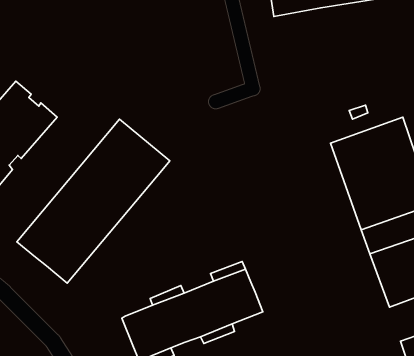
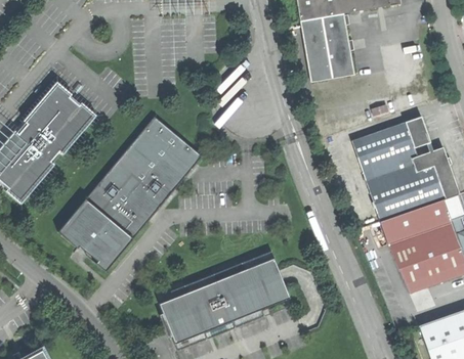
building: none -> [299,12,353,80]

